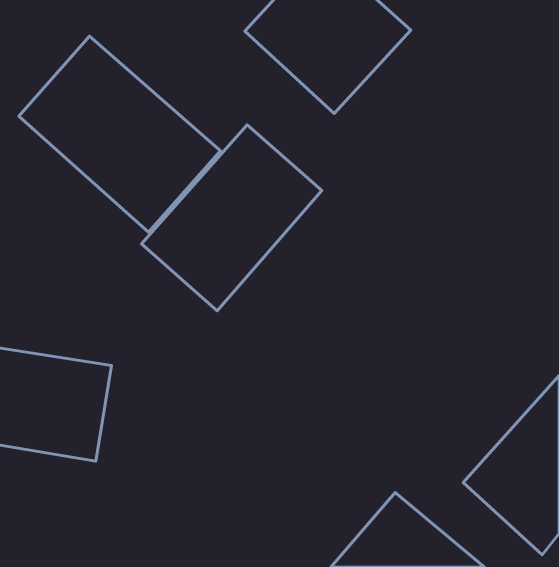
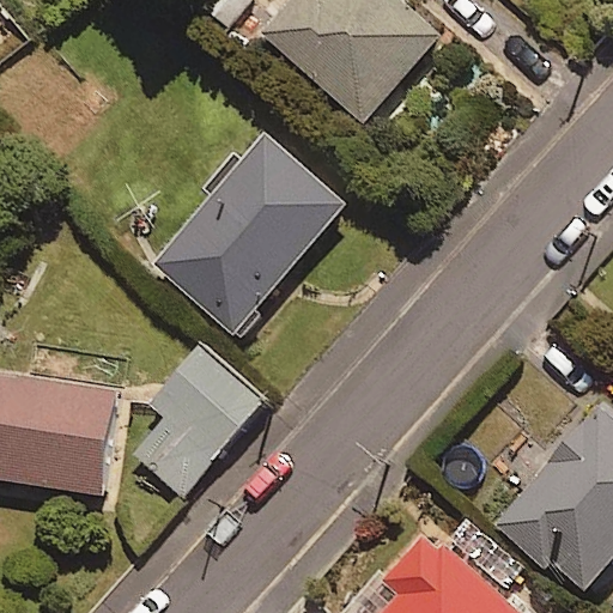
building: [19,36,220,232] -> none
building: none -> [131,346,265,497]

